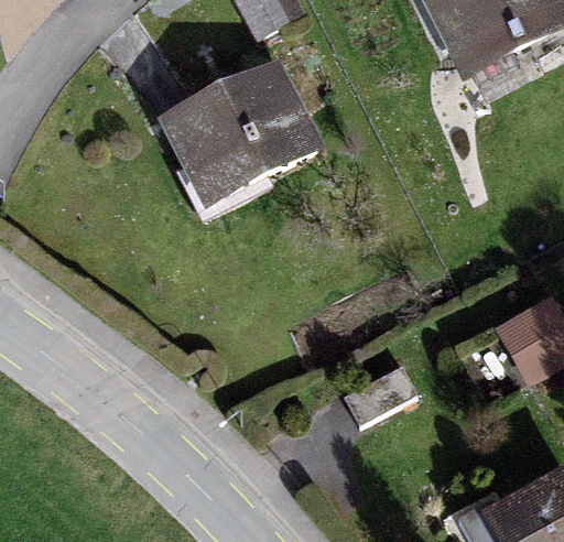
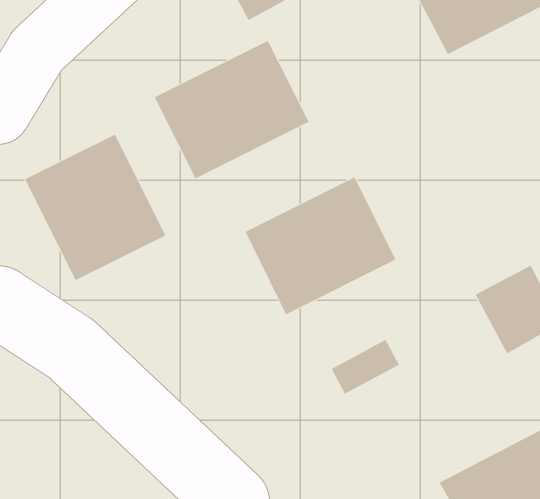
building: none -> [25,134,166,281]
building: none -> [245,176,396,315]

